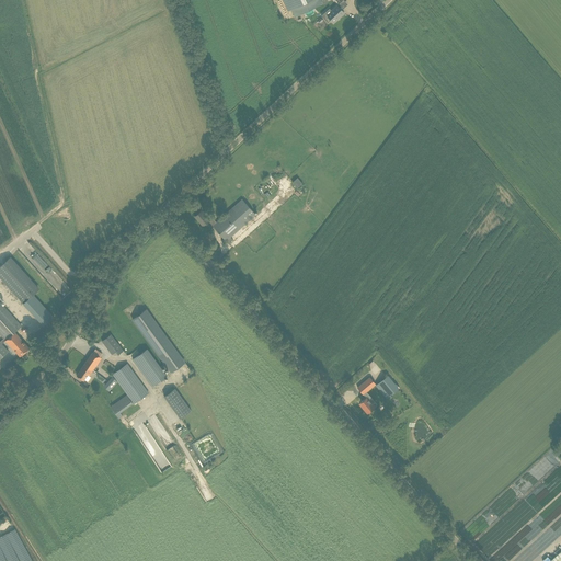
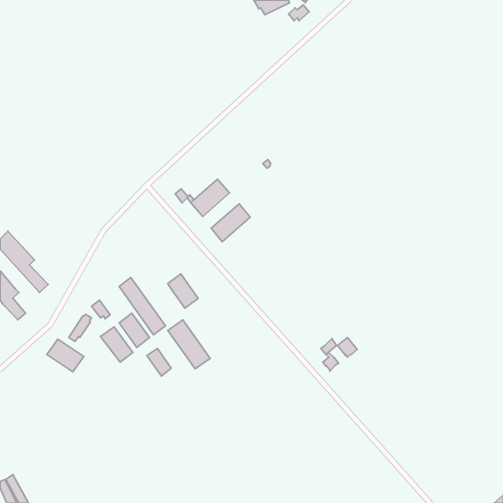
building: none -> [211,204,250,242]
building: none -> [168,274,198,308]
building: none -> [168,320,210,369]
building: none -> [47,339,84,372]

